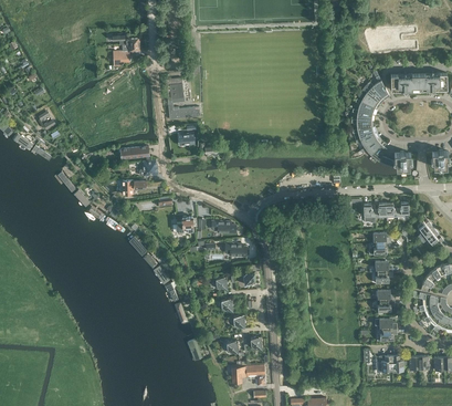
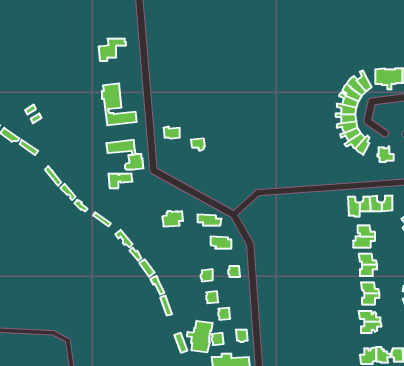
building: [164,76,199,118] -> [102,83,137,125]
building: none -> [187,321,212,352]

